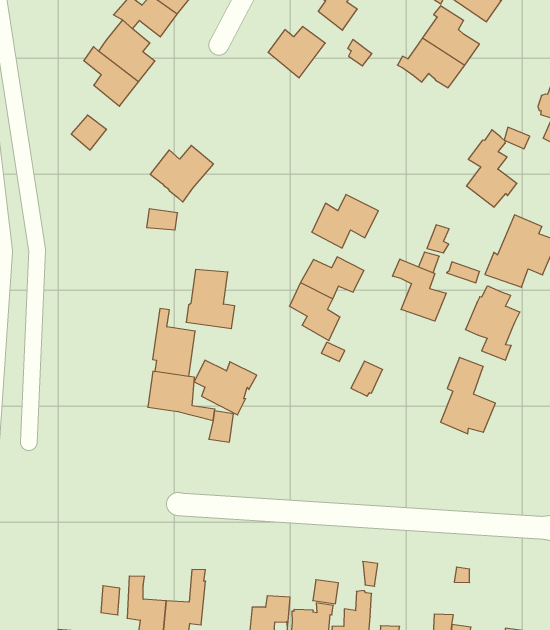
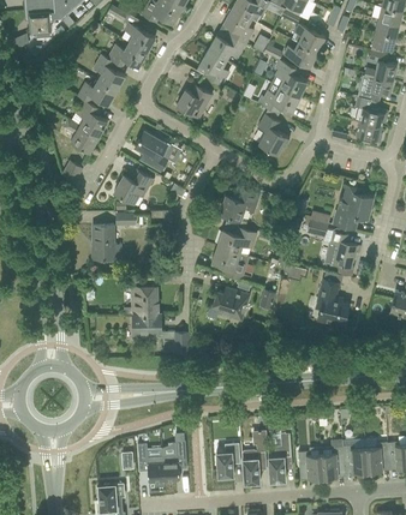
building: none -> [135,131,172,172]
building: [466,130,517,207] -> [257,107,289,155]
building: [393,259,446,321] -> none
building: [186,269,235,329] -> [92,224,121,259]
building: [194,360,257,415] -> [211,289,250,322]

